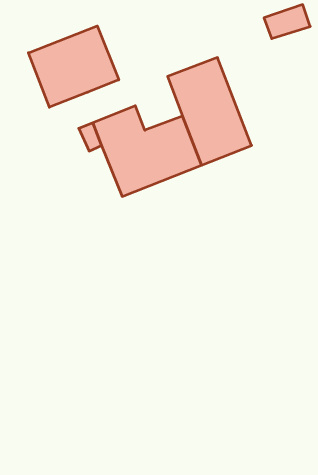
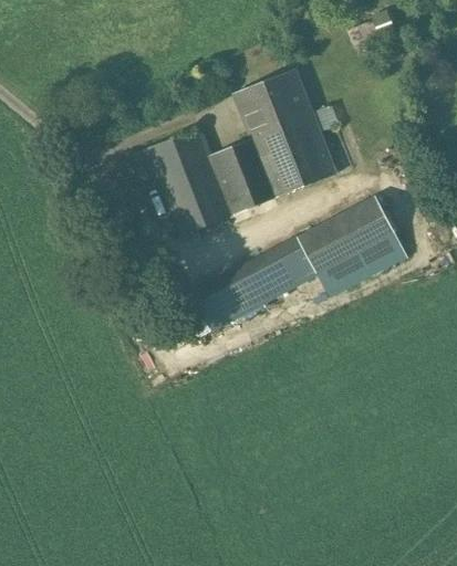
building: [28,26,119,107] -> none
building: none -> [174,197,405,338]

